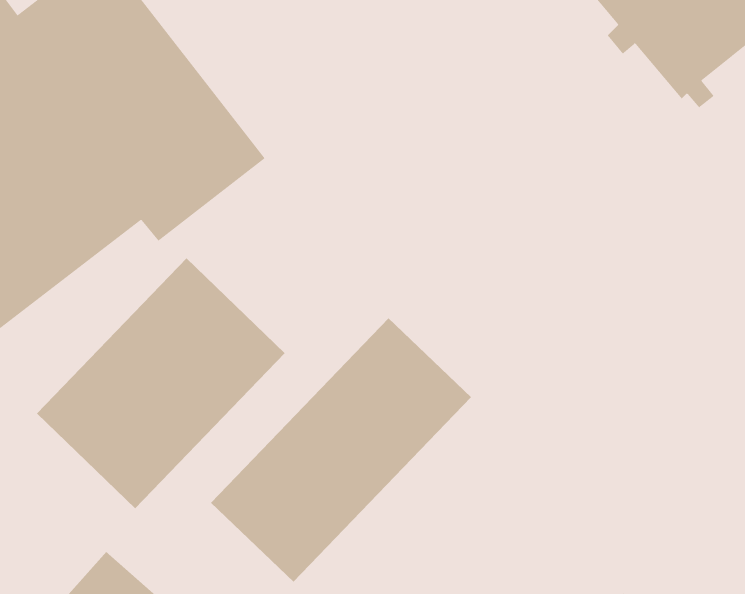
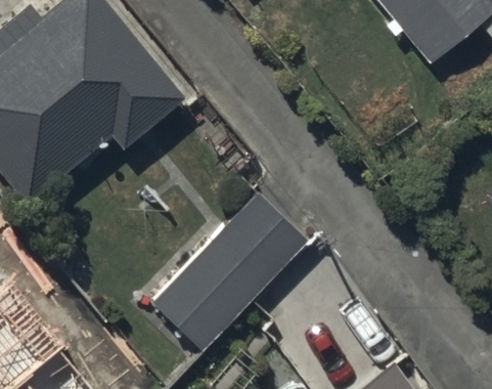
building: [36,257,286,509] -> none

